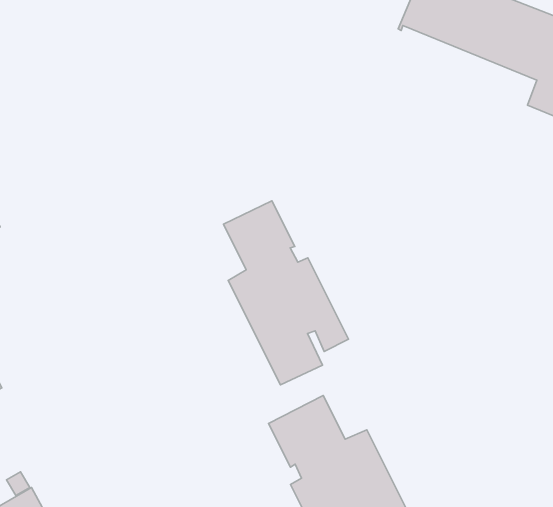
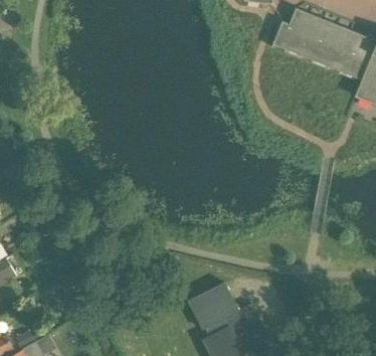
building: [223,201,349,385] -> none

